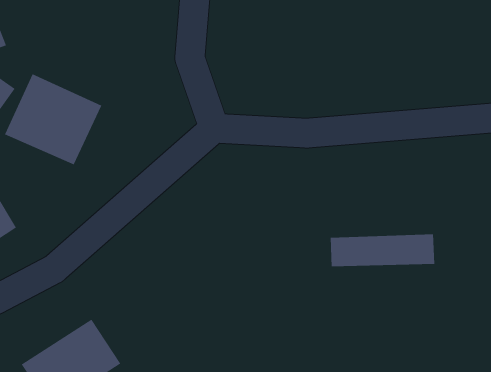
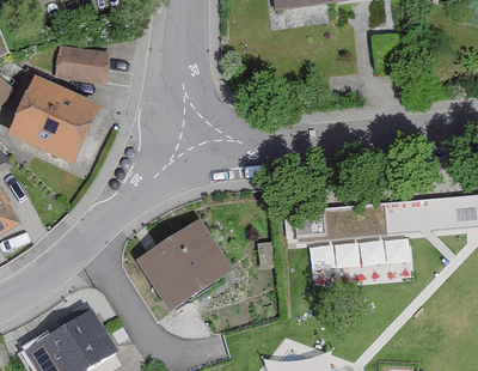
building: none -> [57,45,109,80]
building: none -> [134,219,229,311]

